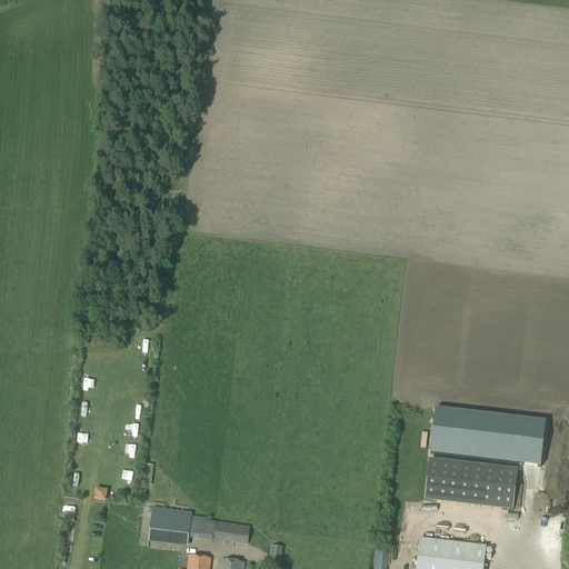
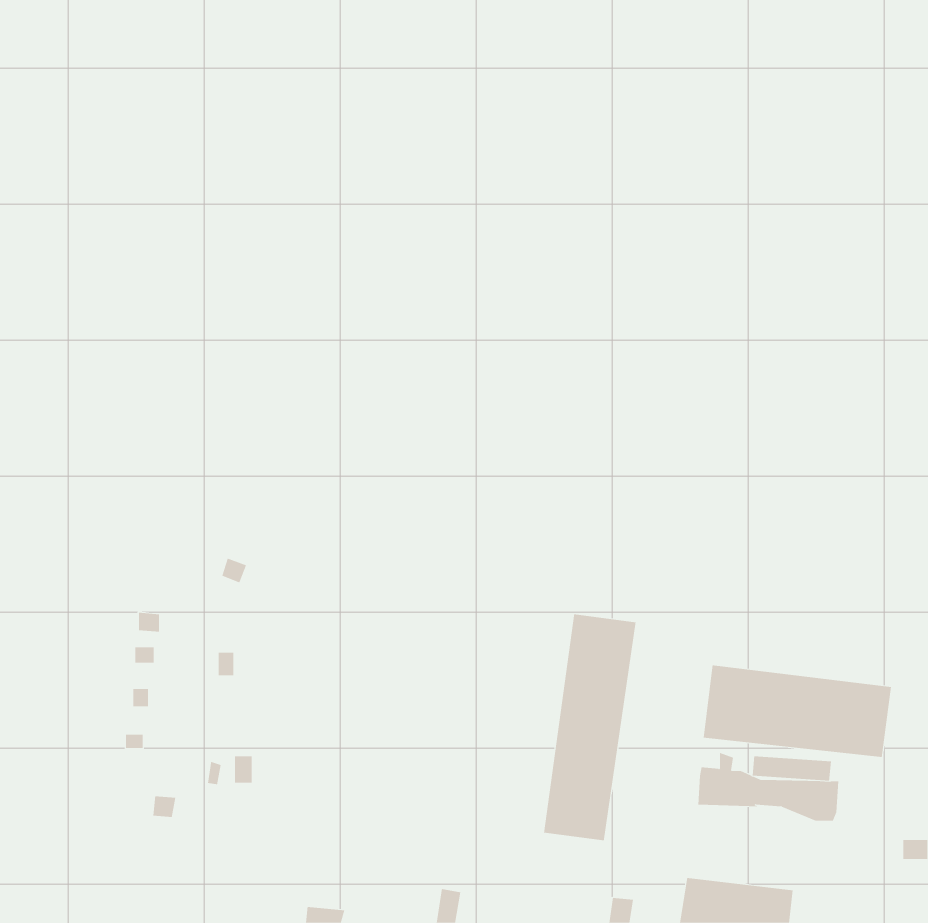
building: none -> [543,613,636,841]
building: [149,507,249,542] -> none

